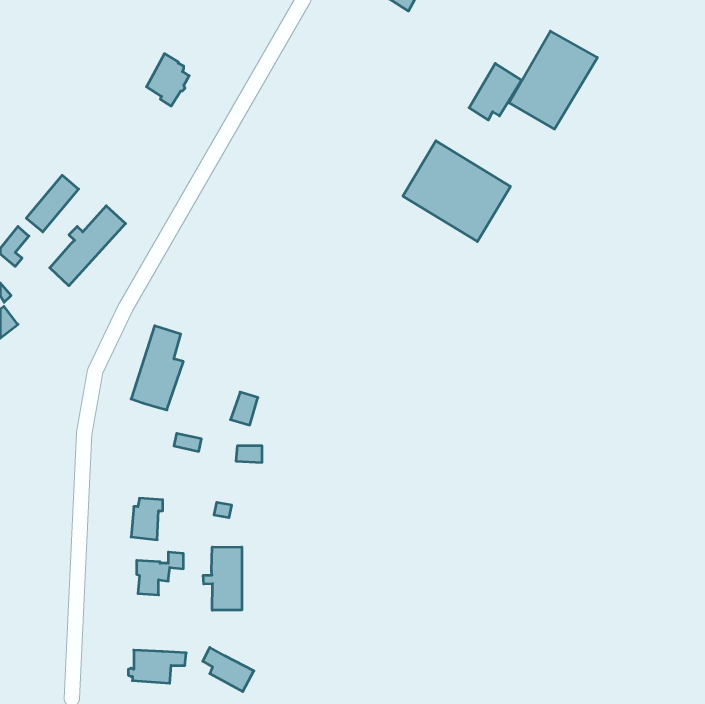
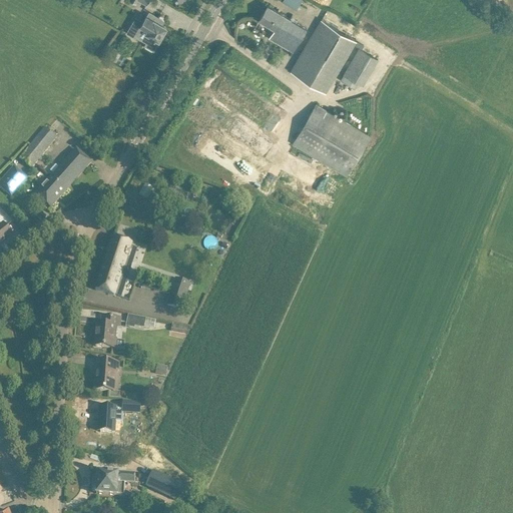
building: none -> [260,4,307,51]
building: [509,31,597,129] -> [291,18,355,89]
building: [146,54,189,106] -> [135,10,166,48]
building: none -> [95,317,120,348]
building: [203,547,242,610] -> none

